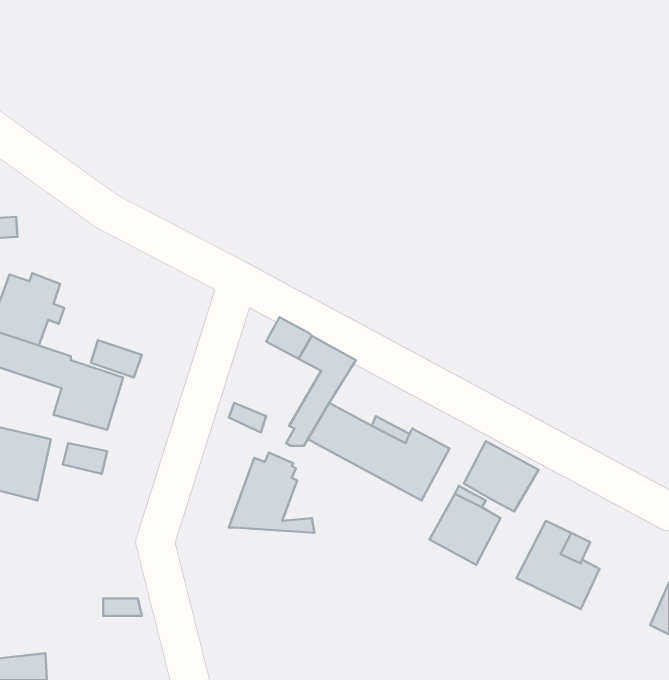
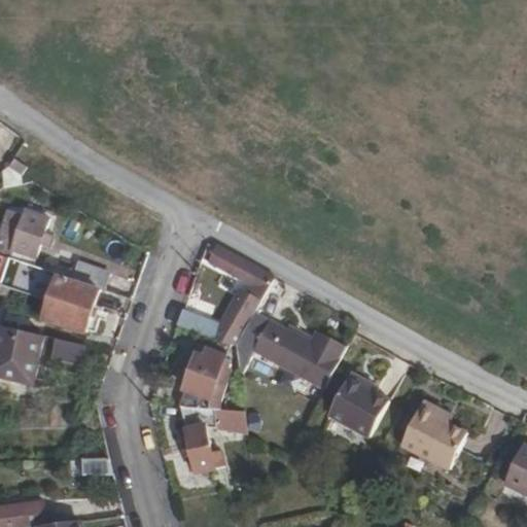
building: [464,441,538,511] -> none
building: none -> [180,406,244,471]

